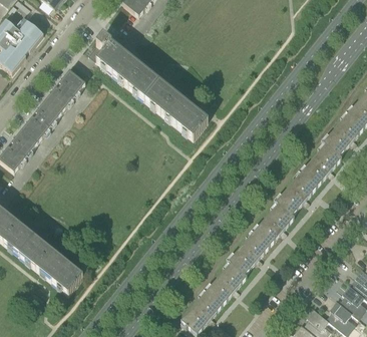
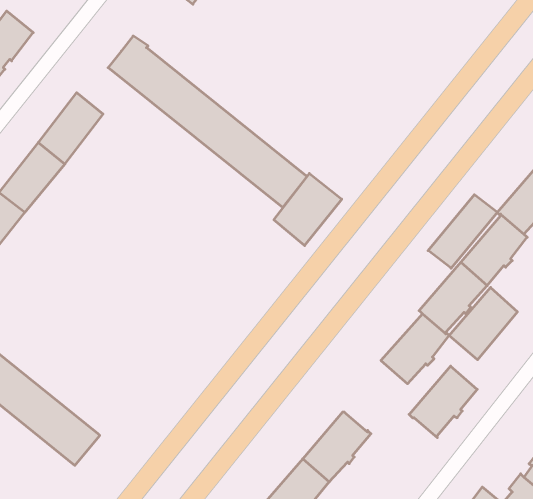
building: none -> [274,173,342,246]
building: none -> [428,195,497,268]
building: none -> [449,287,517,360]
building: [229,232,270,275] -> [409,366,477,438]

